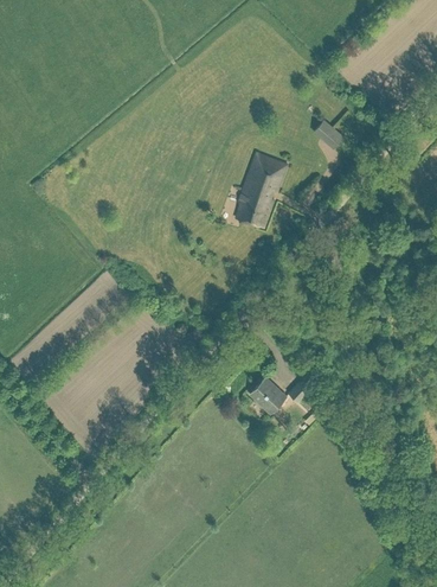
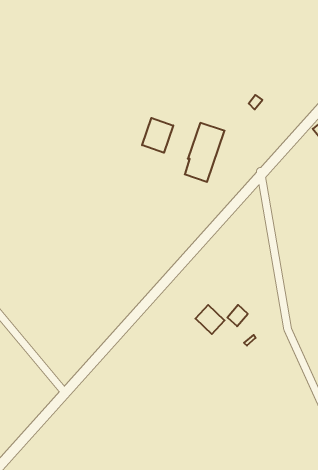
building: none -> [142,118,173,153]

